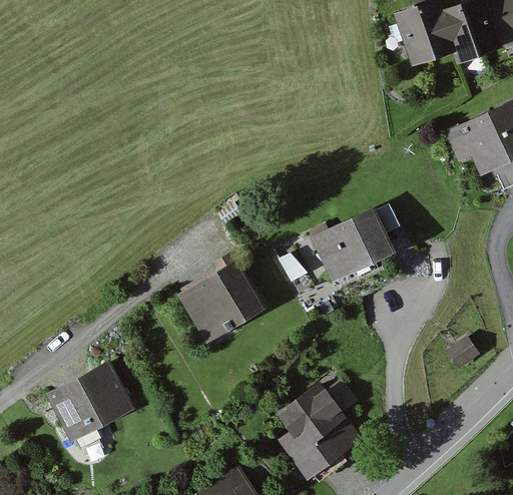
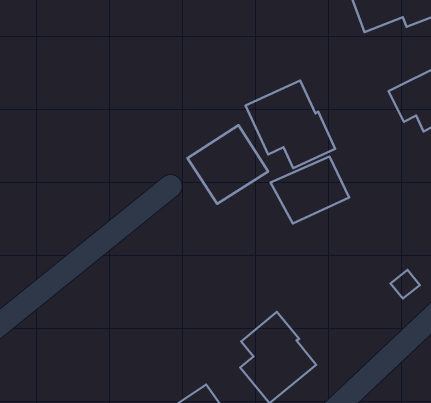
building: none -> [245,80,335,168]
building: [179,258,270,346] -> [188,125,268,204]
building: [49,360,134,440] -> none

